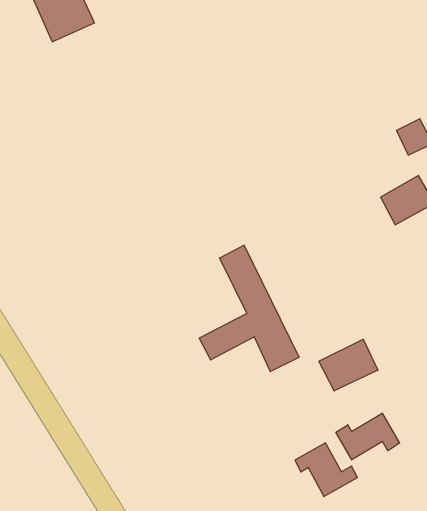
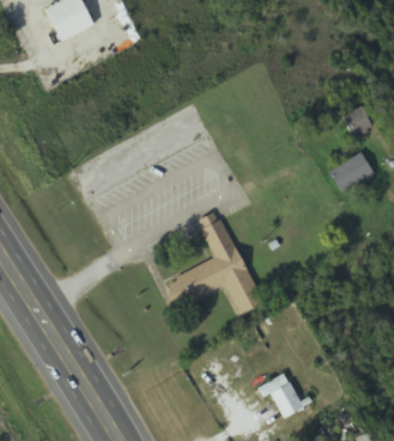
building: [319,339,378,391] -> none
building: [336,413,400,460] -> none

